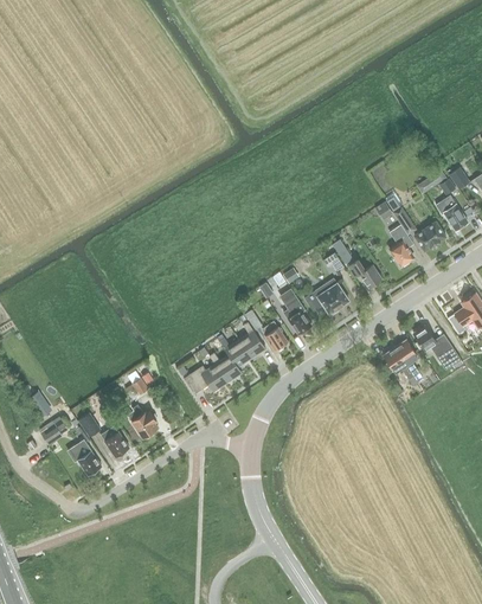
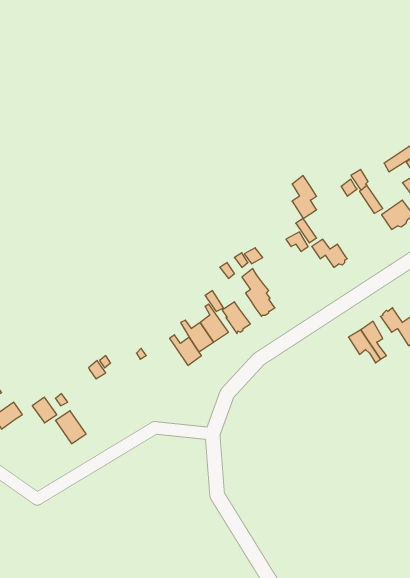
building: [390,224,413,265] -> [292,176,317,218]
building: [304,277,348,315] -> none
building: [184,364,227,391] -> none
building: [127,404,156,438] -> none
building: [68,439,101,475] -> none

